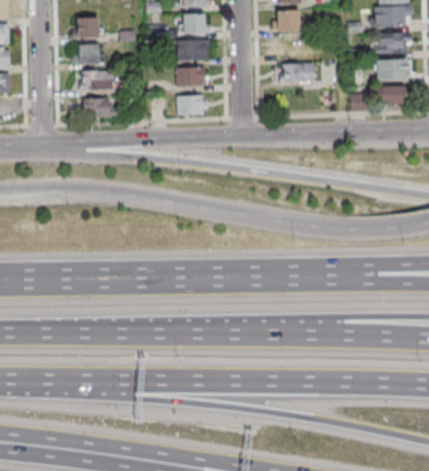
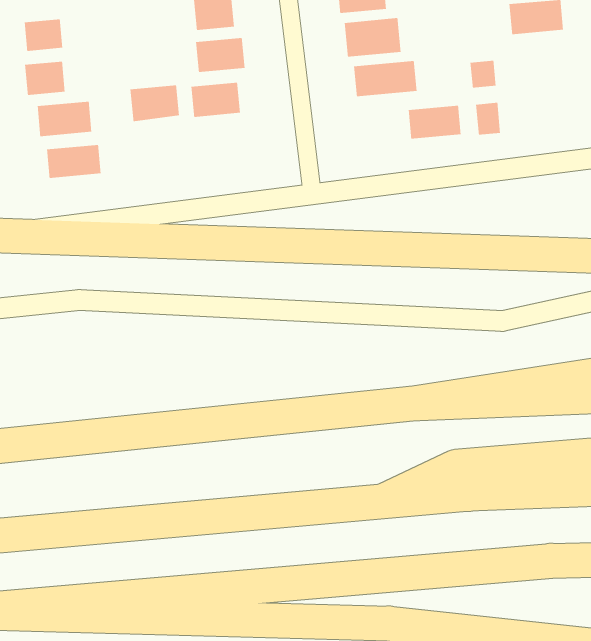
building: [376,60,408,81] -> none
building: [372,86,404,105] -> [408,105,462,139]
building: [176,95,205,116] -> [130,84,180,122]

